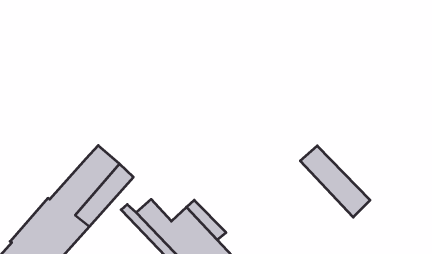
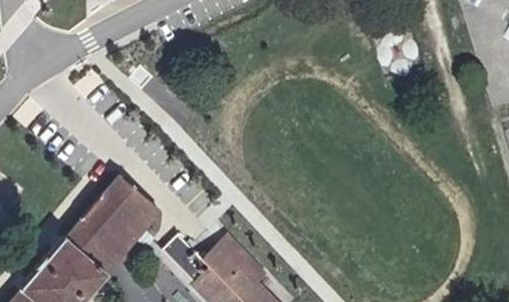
building: [300,146,370,217] -> none

